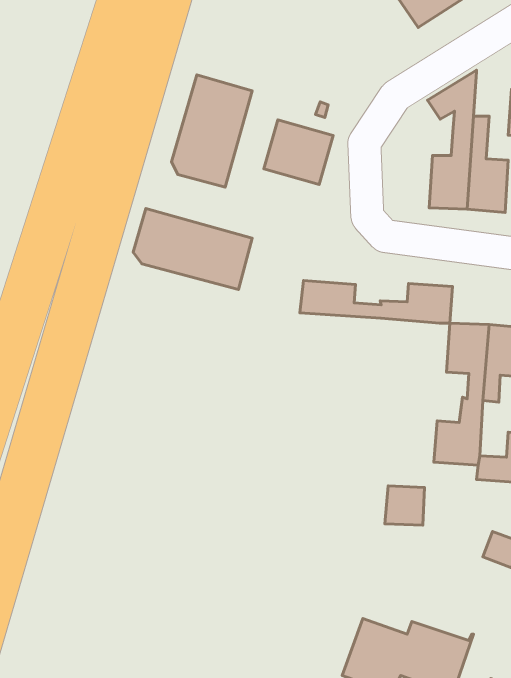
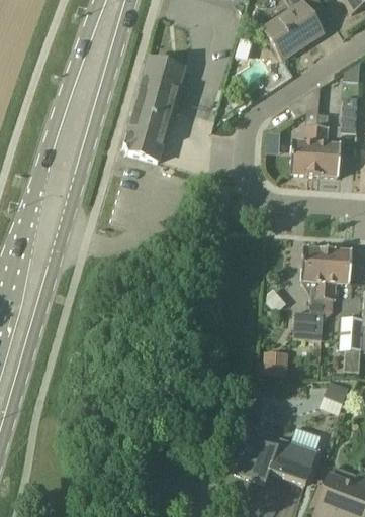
building: [264,120,333,185] -> [142,57,186,98]
building: [133,209,252,290] -> none
building: [300,280,452,323] -> none

